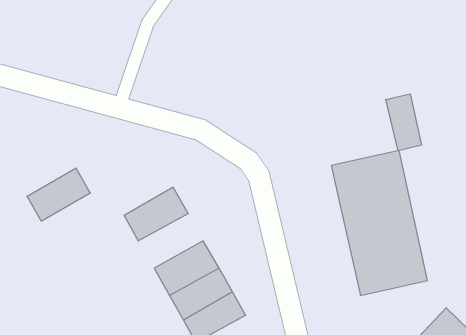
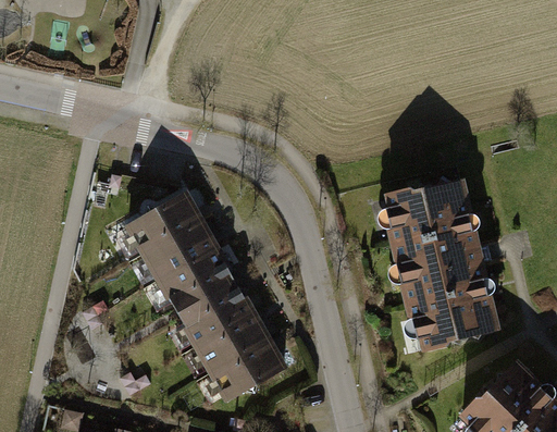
building: [386,94,421,151] -> none
building: [27,168,90,221] -> [127,194,200,255]
building: none -> [160,252,235,316]

